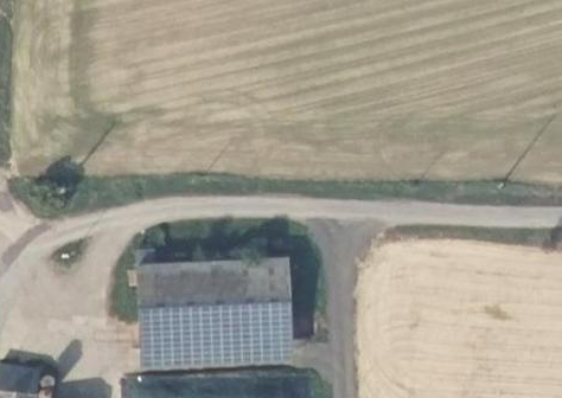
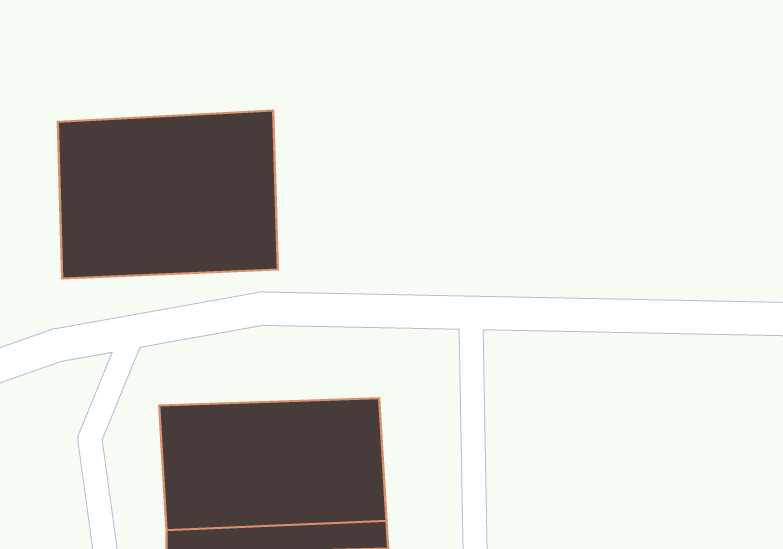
building: none -> [58,110,278,279]

